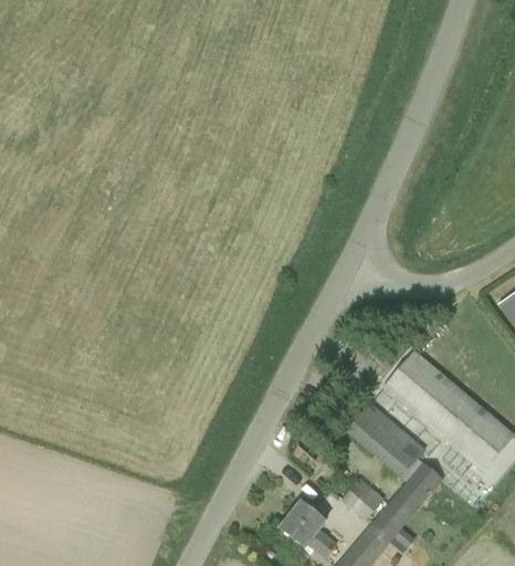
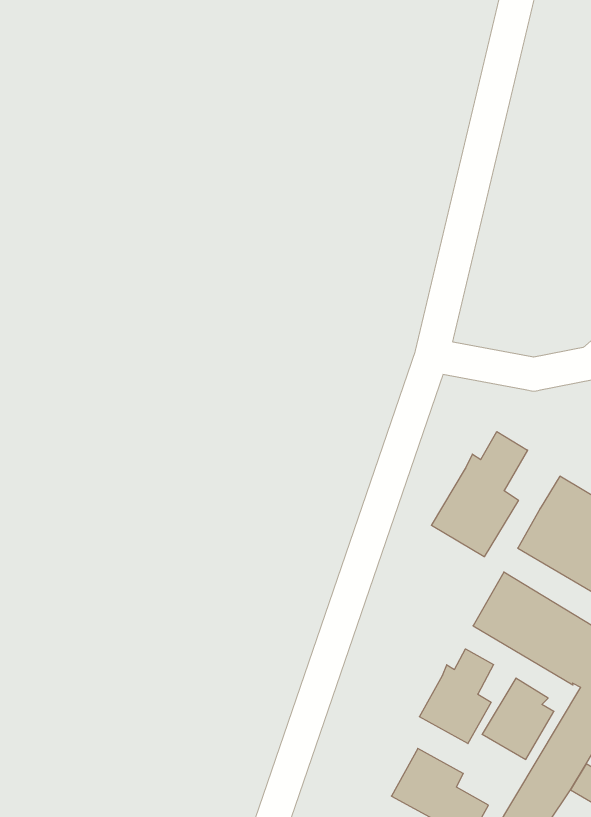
building: none -> [431,432,528,557]
building: none -> [419,649,494,744]

